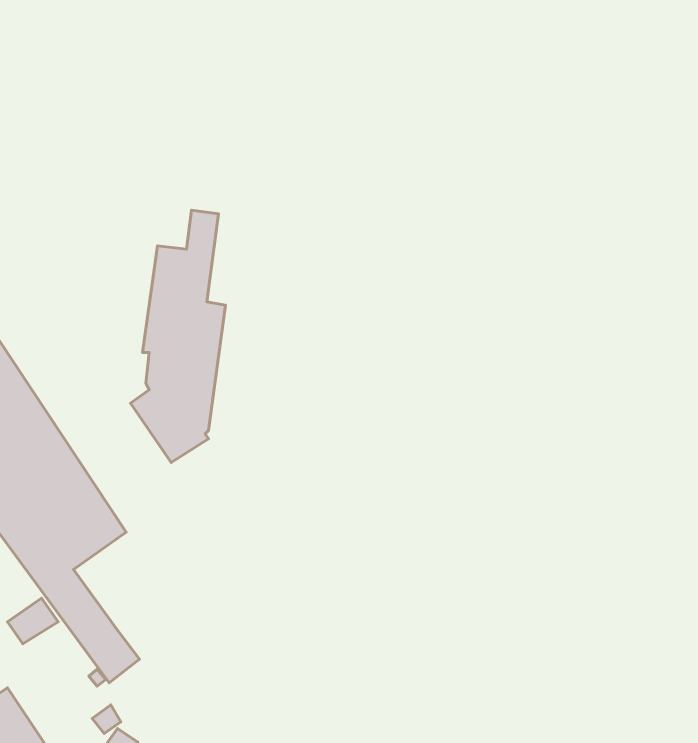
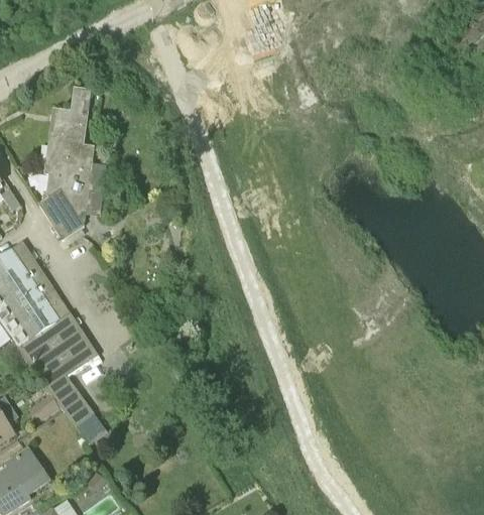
building: [130,210,225,463] -> [38,89,95,239]

